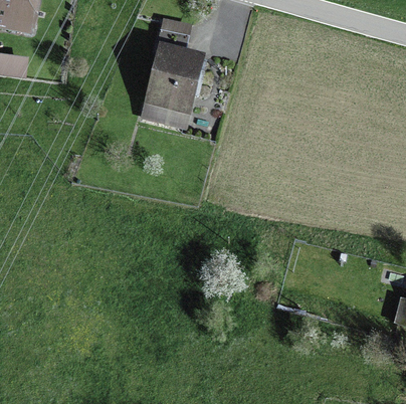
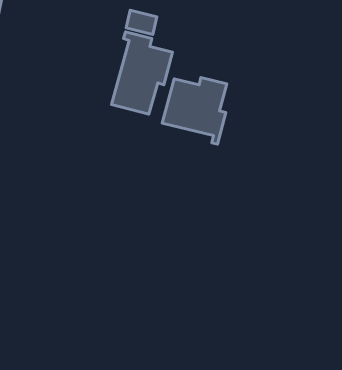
building: none -> [162,78,227,144]

